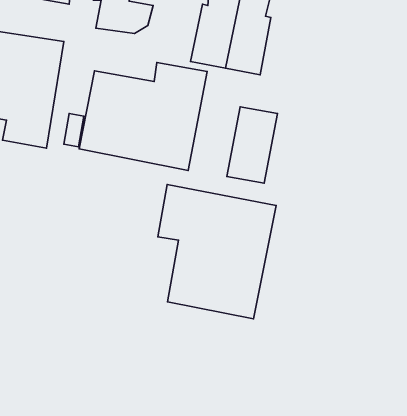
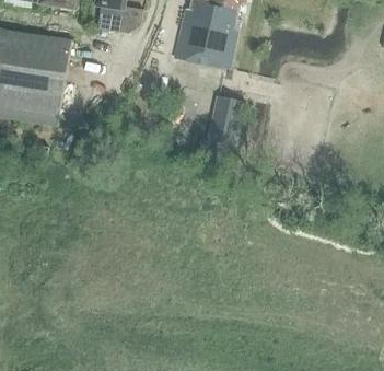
building: [79,63,207,171] -> none
building: [158,185,276,319] -> none

